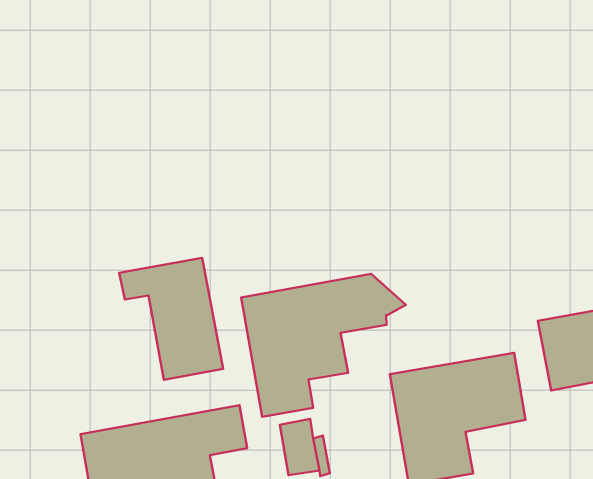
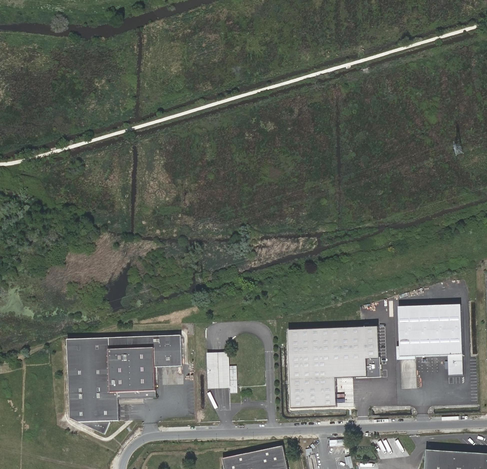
building: [119,258,223,380] -> none
building: [241,274,406,417] -> none

